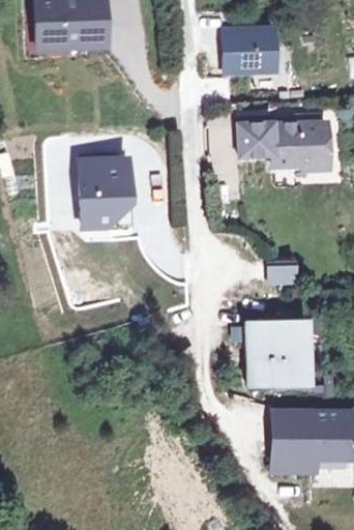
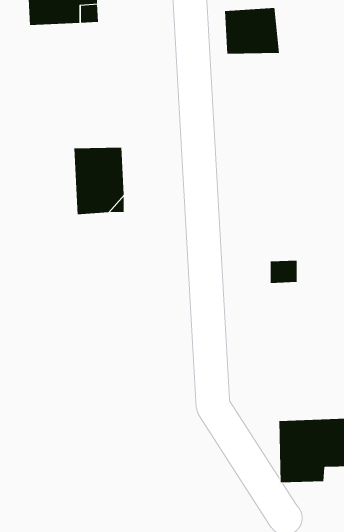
building: [238,125,326,171] -> none
building: [255,323,307,382] -> none

